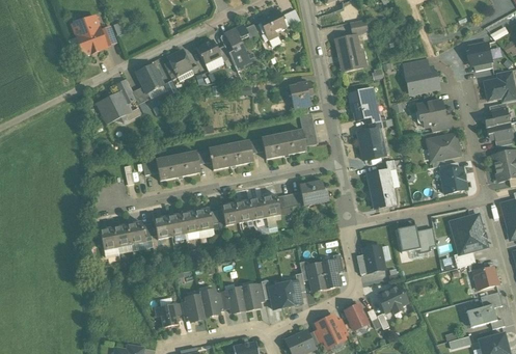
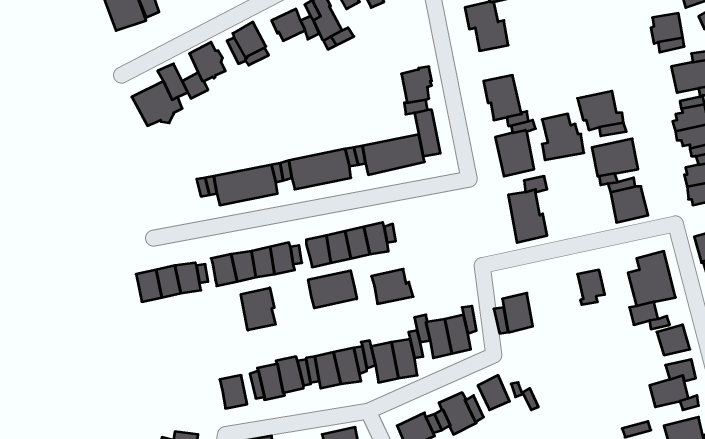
building: [408,59,438,92] -> [542,114,584,160]
building: [299,180,329,205] -> [371,269,413,304]
building: [397,224,420,252] -> none
building: none -> [308,271,357,308]
building: none -> [241,288,276,330]
building: [377,284,407,312] -> none

